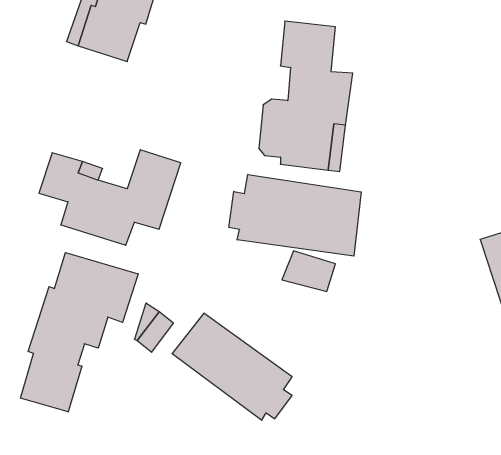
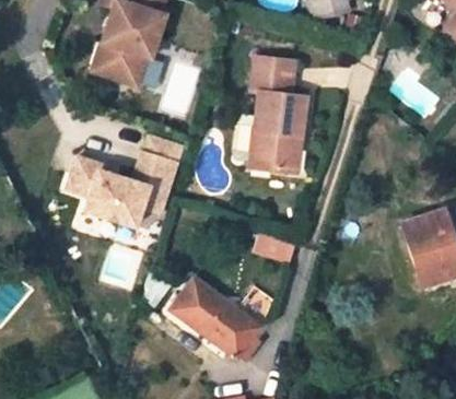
building: [229,174,361,256] -> none
building: [21,253,138,412] -> none

